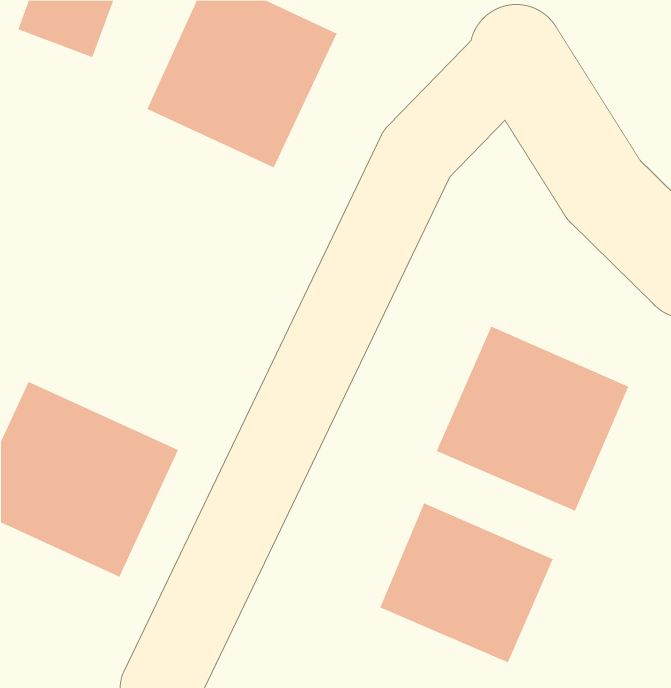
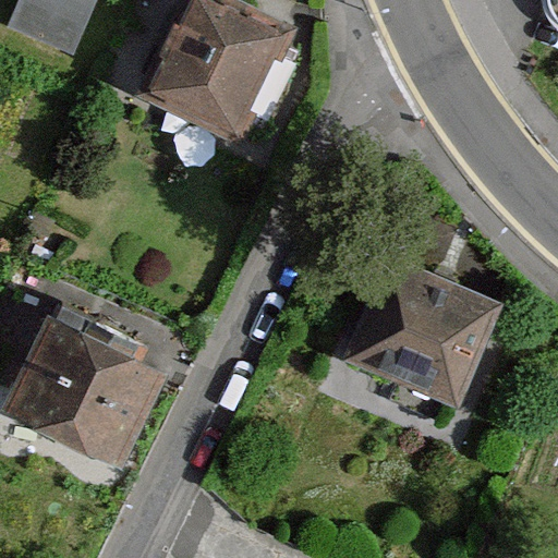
building: [379,503,554,663] -> none

